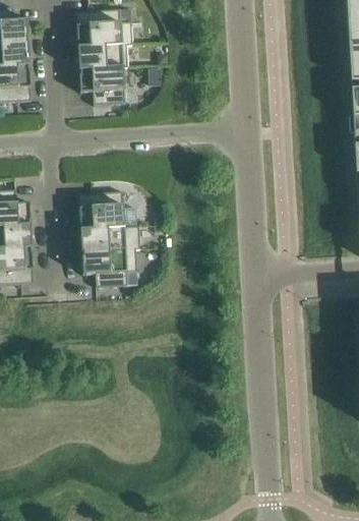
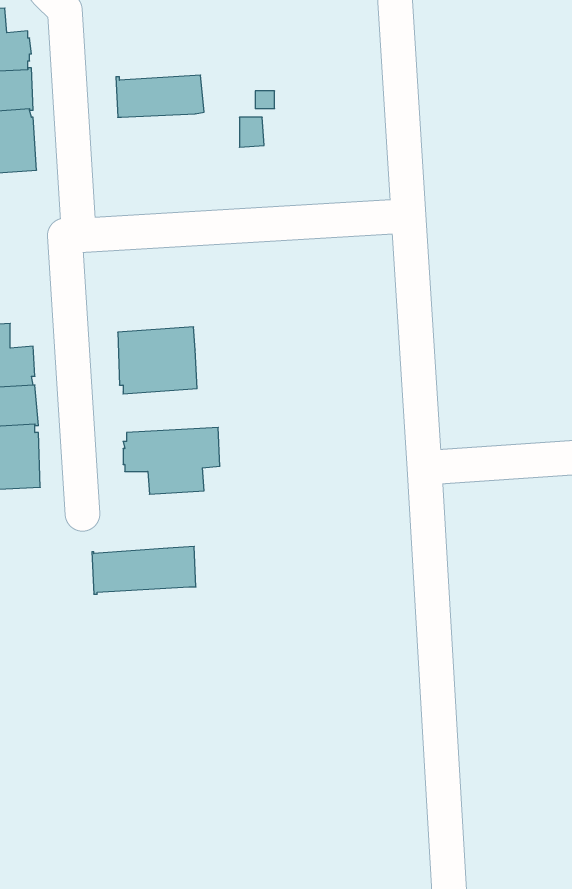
building: [75,7,132,47] -> none
building: [79,66,125,104] -> none
building: [80,224,140,251] -> [92,546,196,594]

